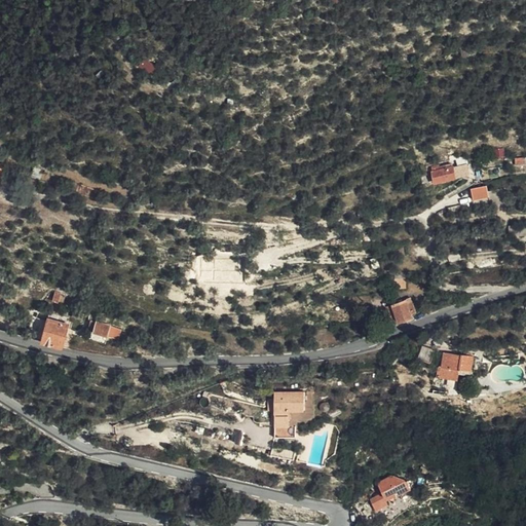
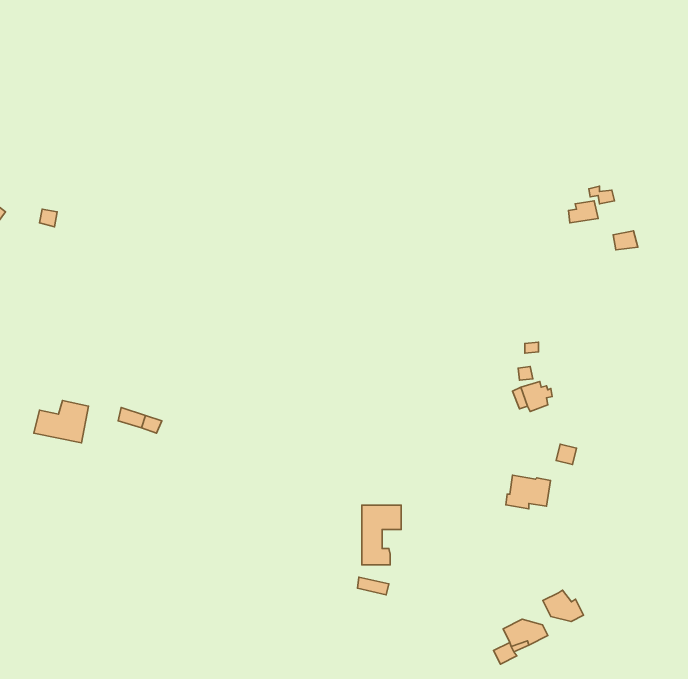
building: [440,353,474,379] -> [506,475,551,509]
building: none -> [543,590,584,621]

